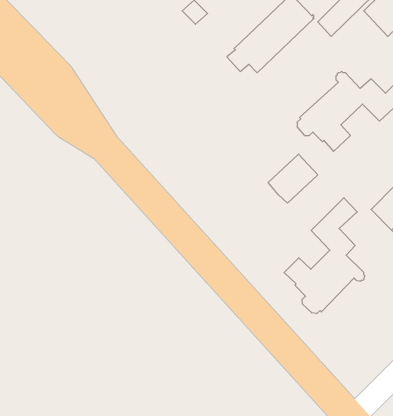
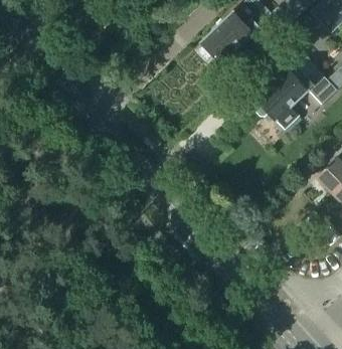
building: [268,154,318,203] -> none
building: [284,198,365,314] -> none

